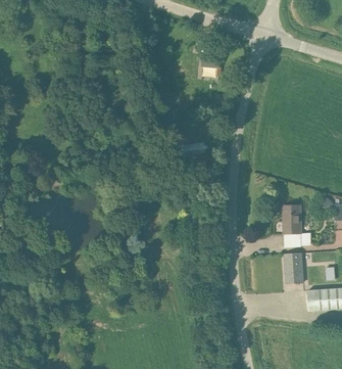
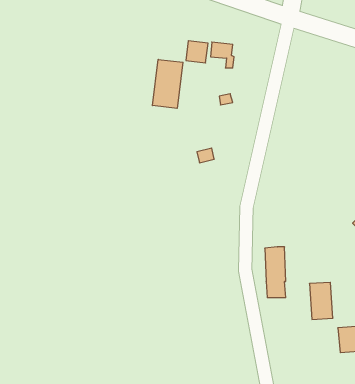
building: none -> [152,59,183,108]
building: [283,204,300,246] -> [265,247,286,298]

